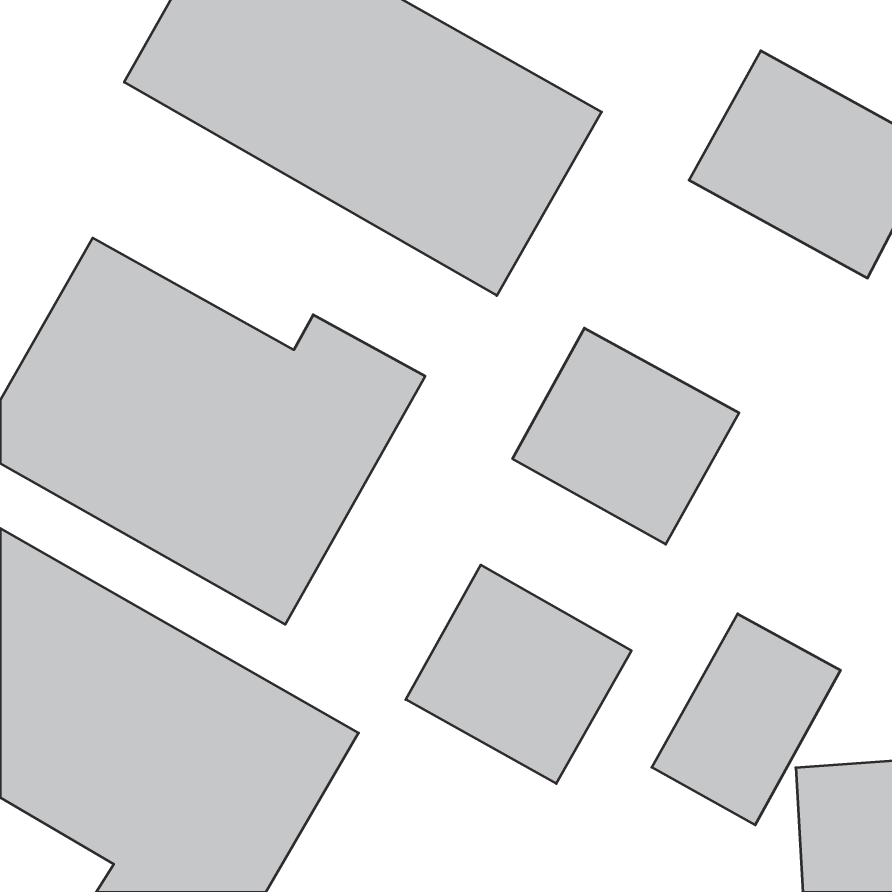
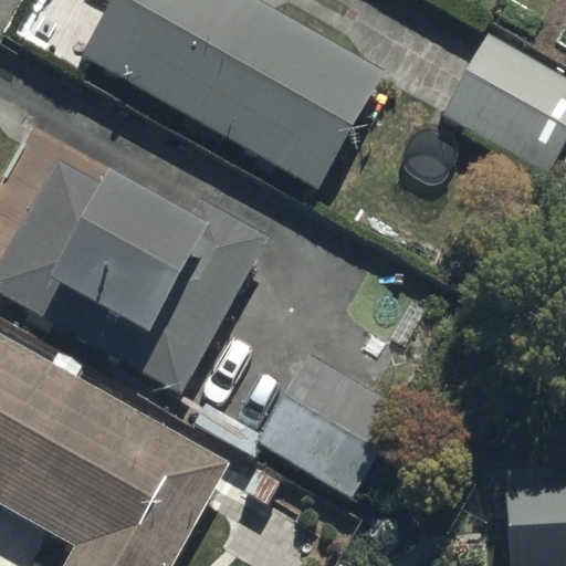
building: [513,328,739,544] -> none
building: [652,614,840,825] -> none

